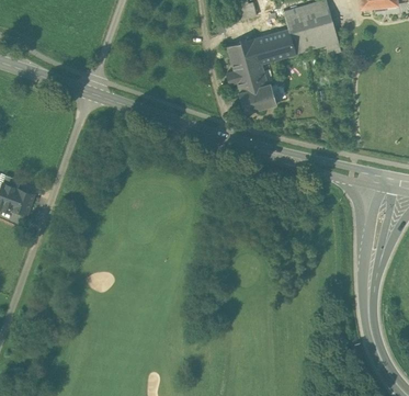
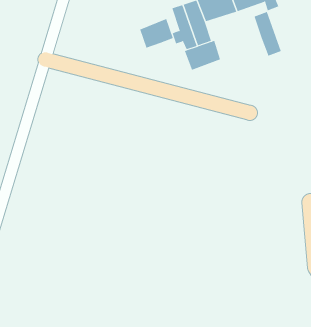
building: none -> [254,11,282,57]
building: none -> [140,18,174,49]

